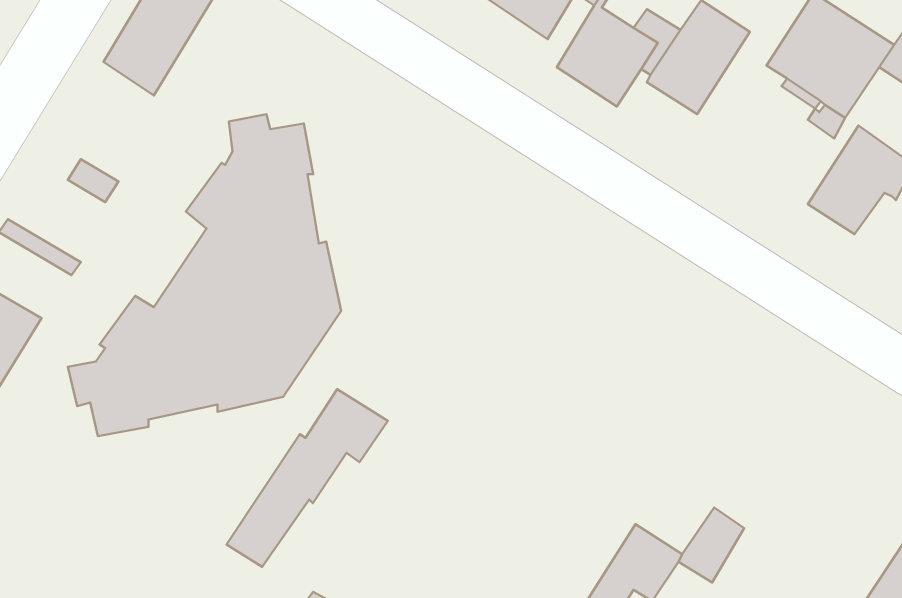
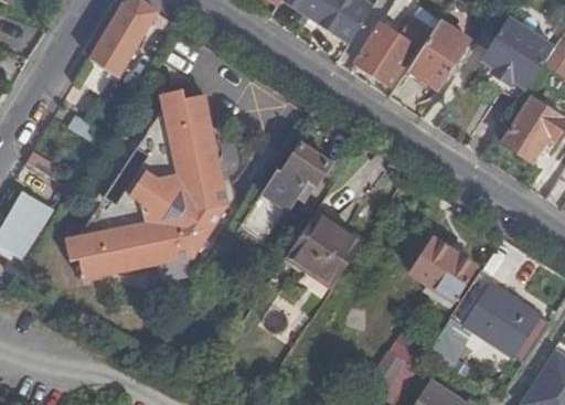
building: none -> [286,213,361,288]
building: none -> [411,239,475,301]
building: [227,389,388,567] -> [235,143,330,248]
building: none -> [466,285,548,361]

